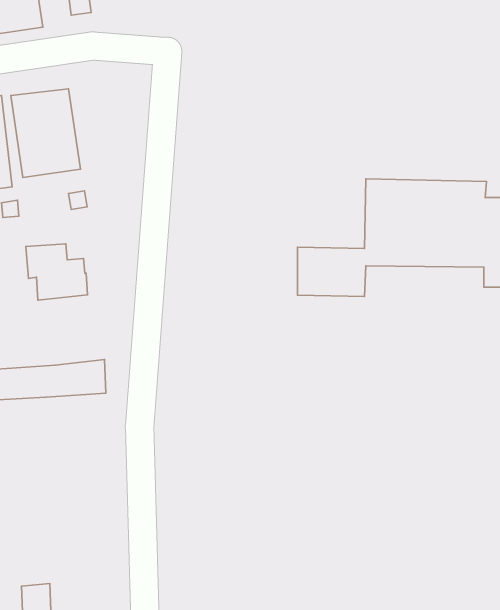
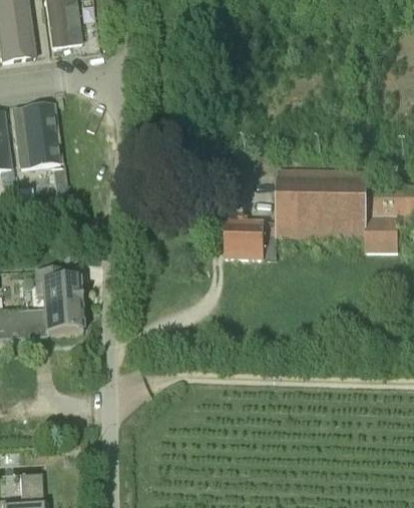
building: [26,244,87,300] -> [35,267,81,309]

